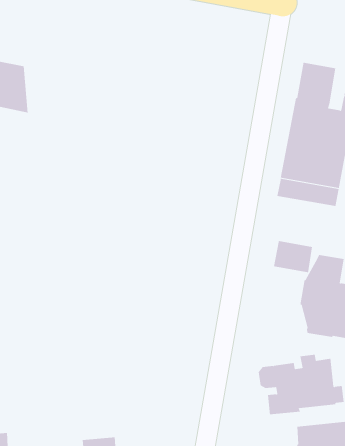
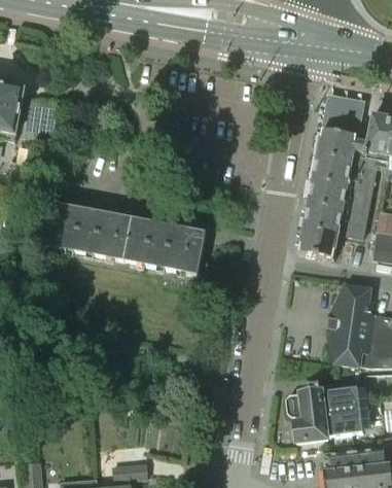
building: none -> [40,201,205,274]
building: [273,240,313,273] -> [298,226,337,258]

